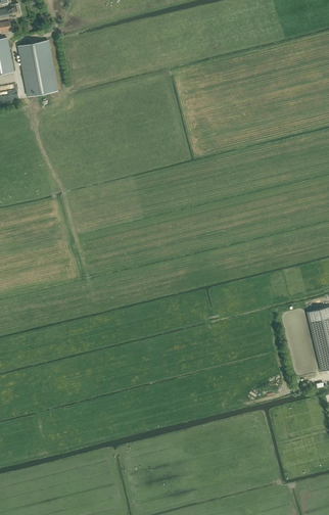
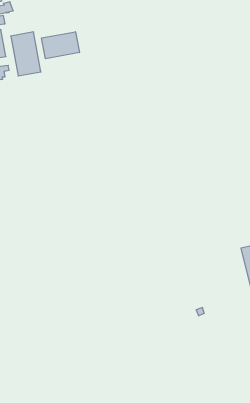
building: none -> [42,32,79,59]

